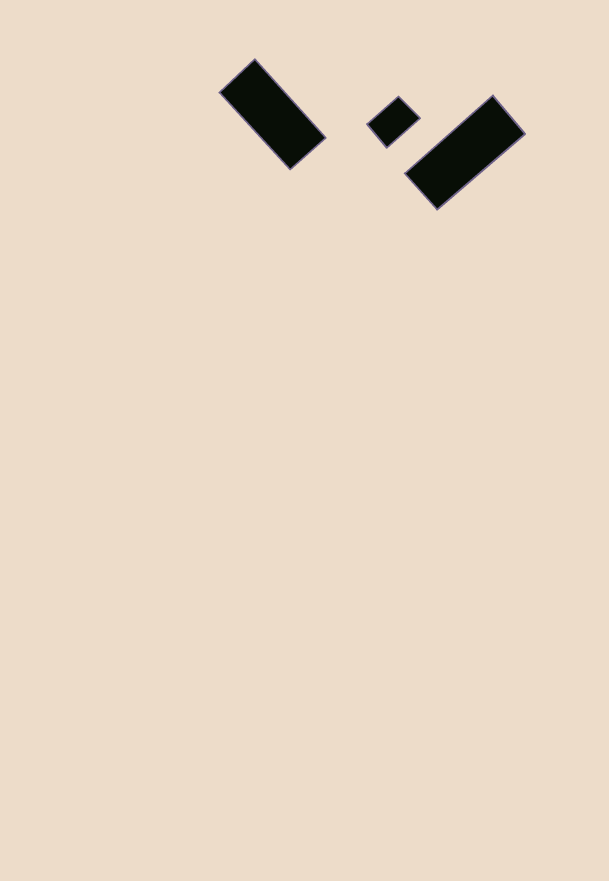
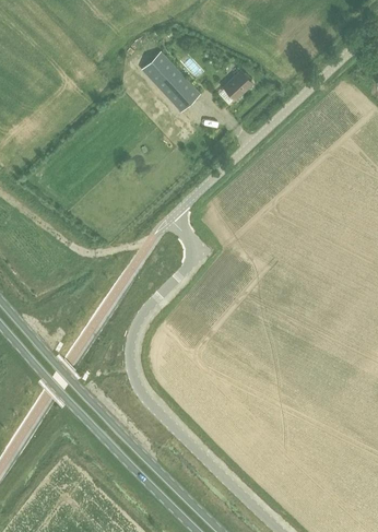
building: [405,95,525,210] -> none

